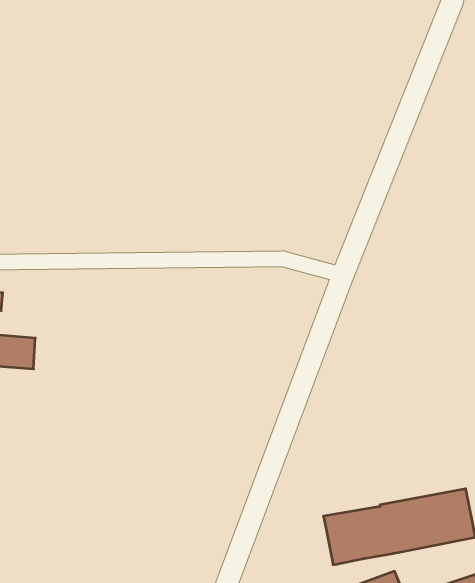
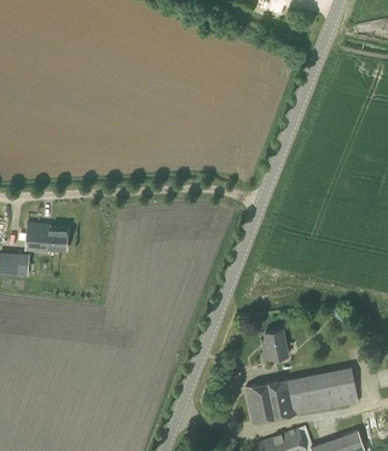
building: none -> [25,222,68,251]
building: none -> [264,329,288,360]

